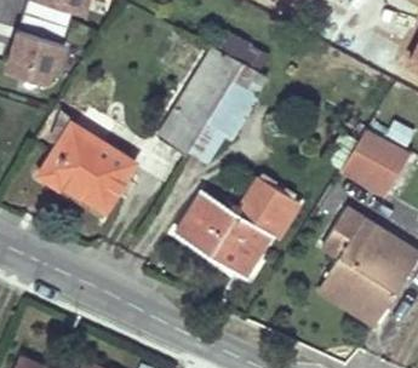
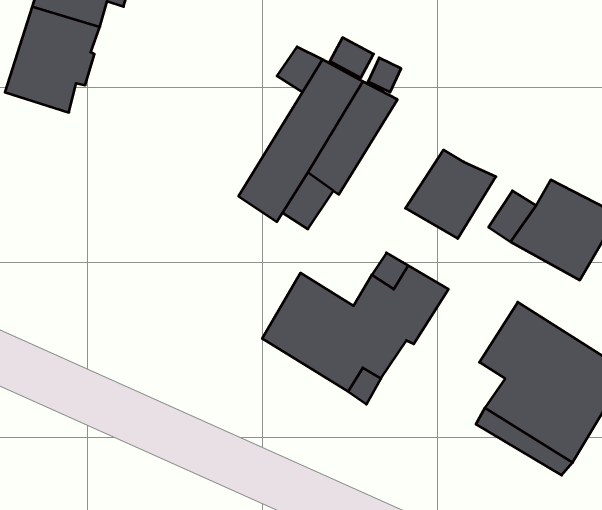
building: none -> [405,150,496,239]
building: [39,125,134,209] -> none

